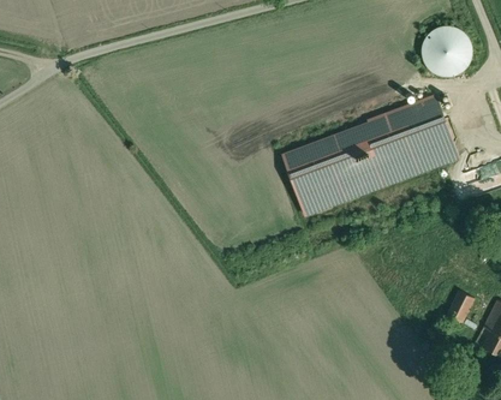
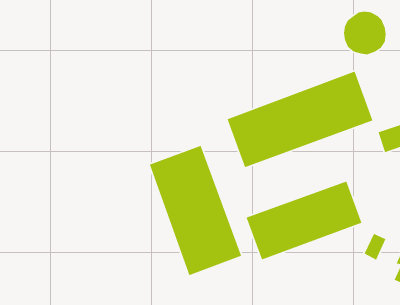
building: none -> [149,145,242,276]
building: none -> [245,181,362,260]

